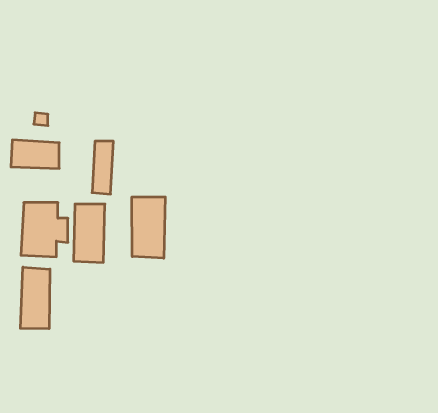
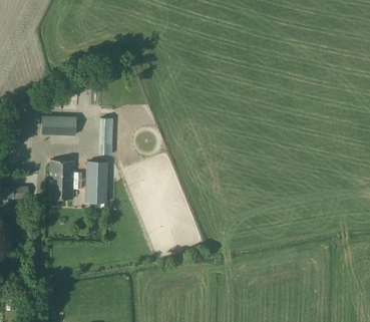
building: [132,197,165,258] -> none
building: [20,267,50,329] -> none

